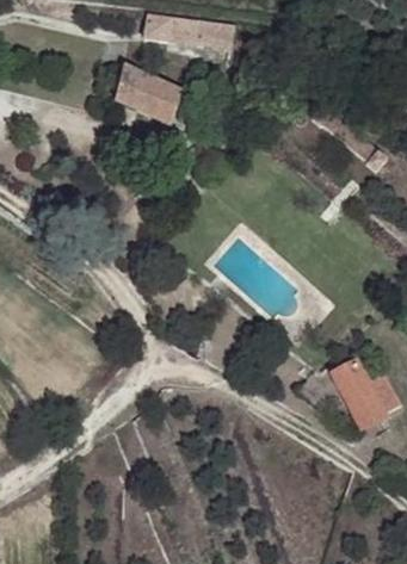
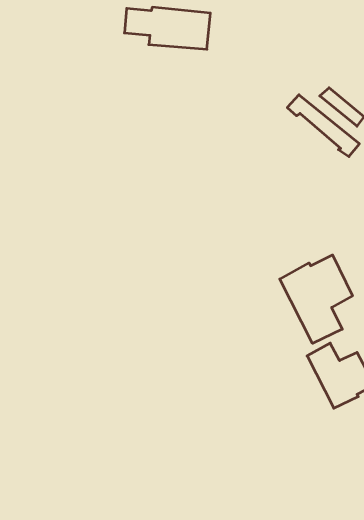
building: [115,62,209,131] -> none
building: none -> [280,255,352,343]

